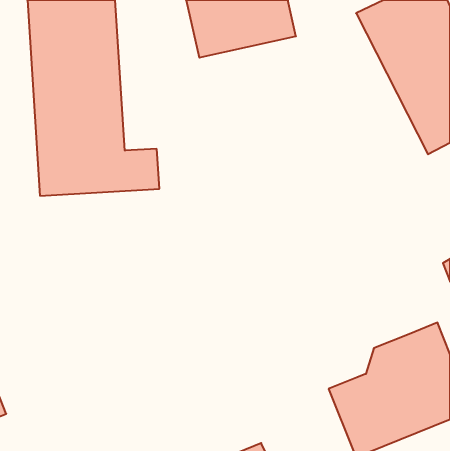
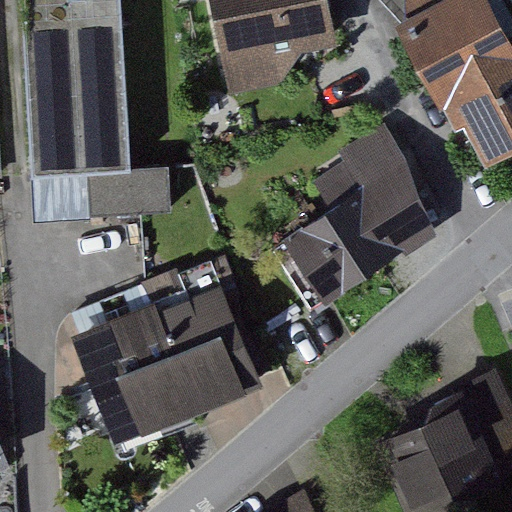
building: none -> [270,125,436,304]
building: none -> [85,288,259,438]

